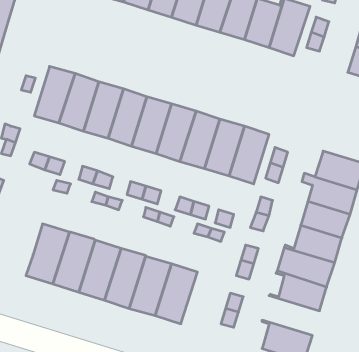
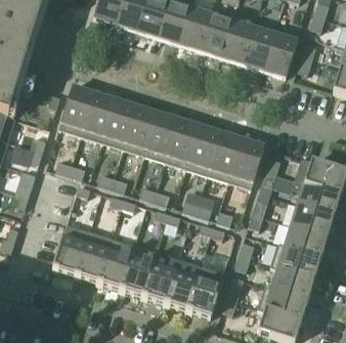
building: none -> [186,265,224,317]
building: none -> [257,286,307,320]

